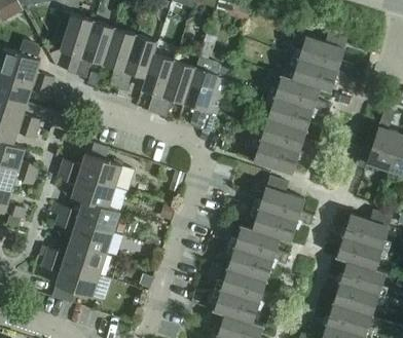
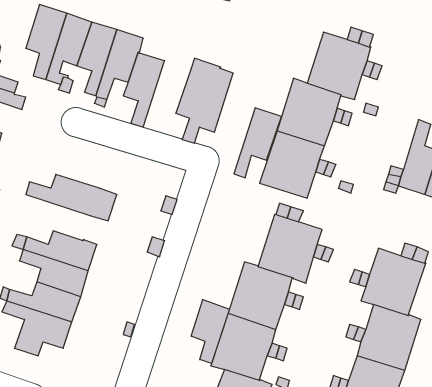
building: [157,61,196,118] -> [234,108,281,178]
building: [58,171,114,209] -> none
building: none -> [191,299,230,363]

